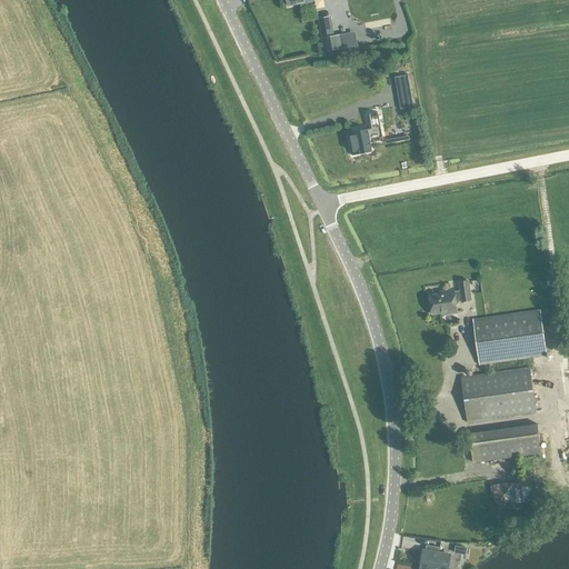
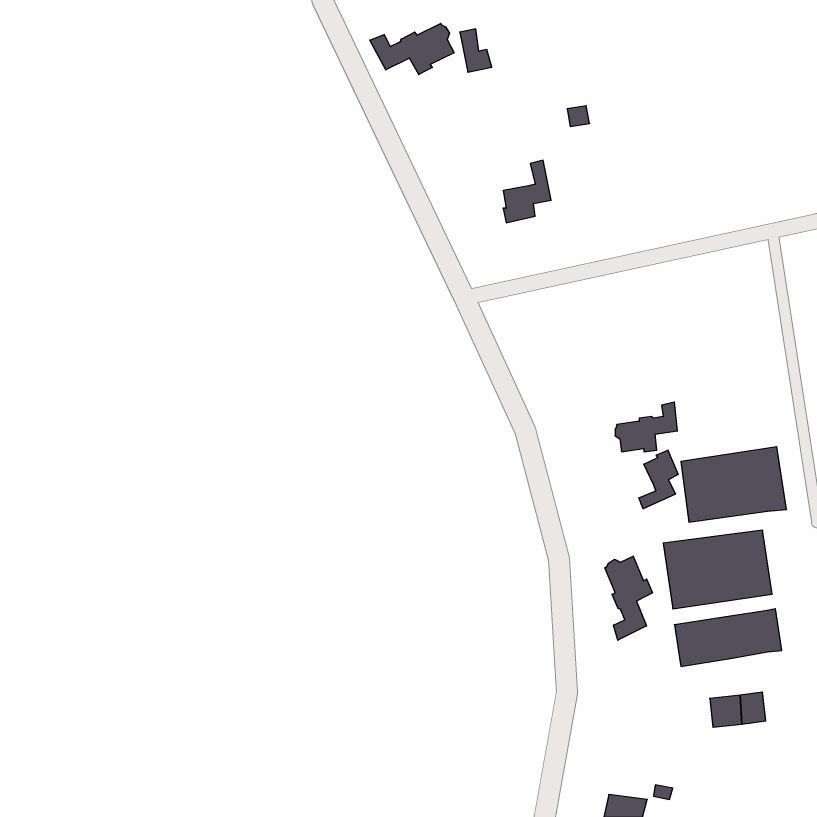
building: none -> [370,23,454,75]
building: none -> [639,450,678,509]
building: none -> [605,556,652,640]

